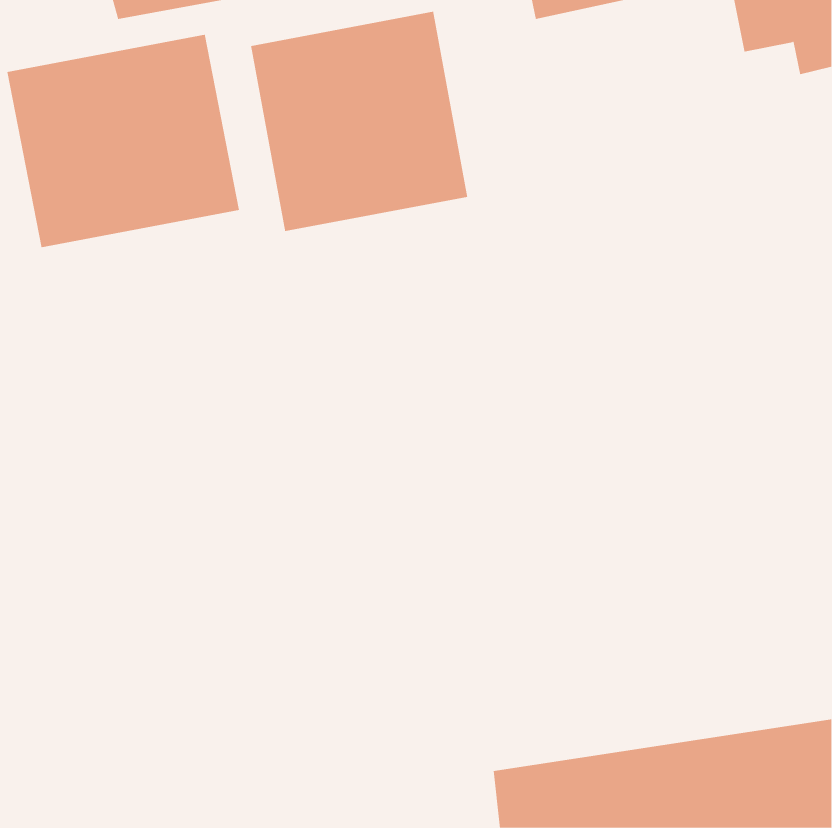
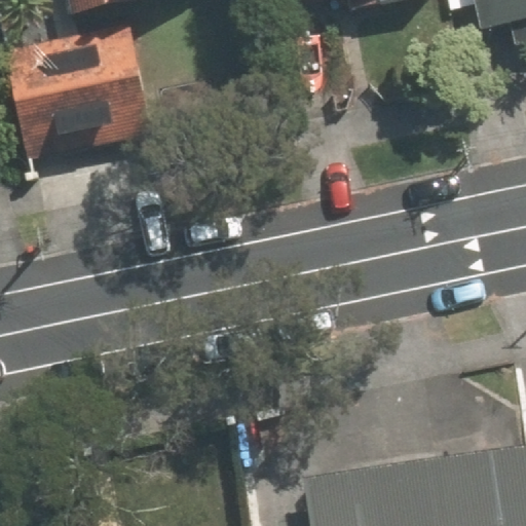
building: [251,11,468,232] -> none

